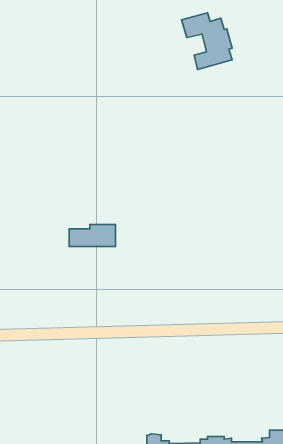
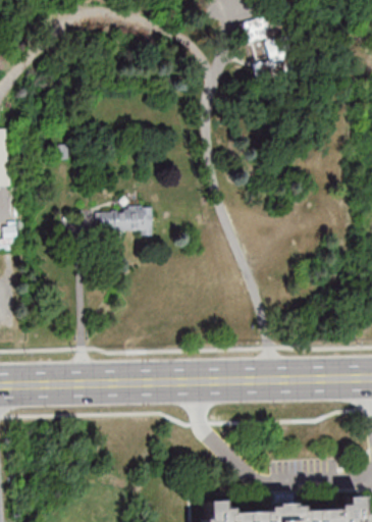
building: [69,224,116,247] -> [98,206,151,231]

